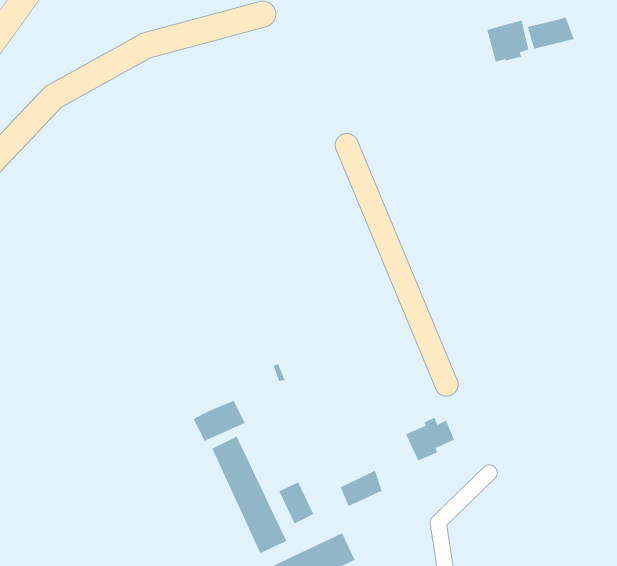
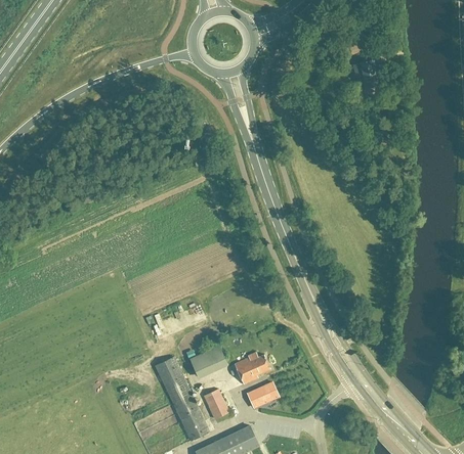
building: [527,17,574,49] -> none
building: [193,400,245,442] -> [188,347,226,376]
building: [405,417,455,461] -> [234,353,269,384]

